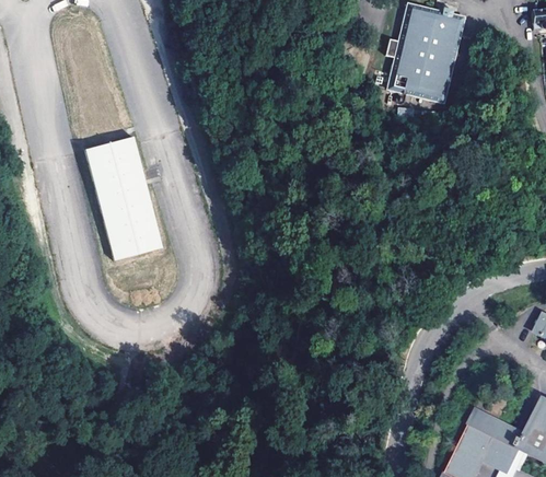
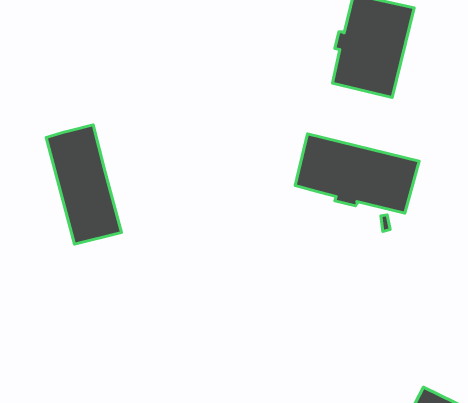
building: none -> [295,134,419,213]

